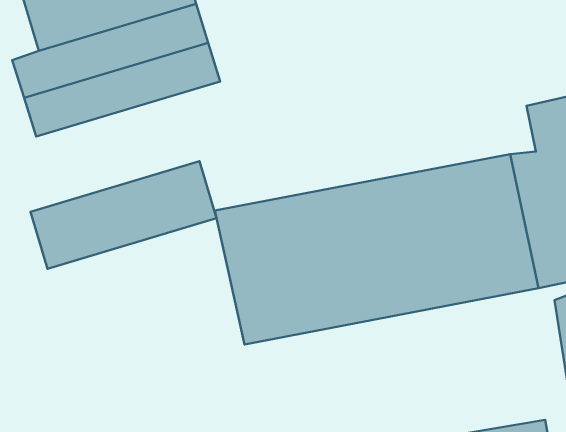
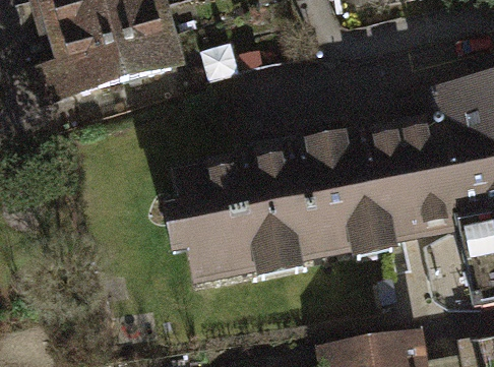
building: [30,161,217,269] -> none

